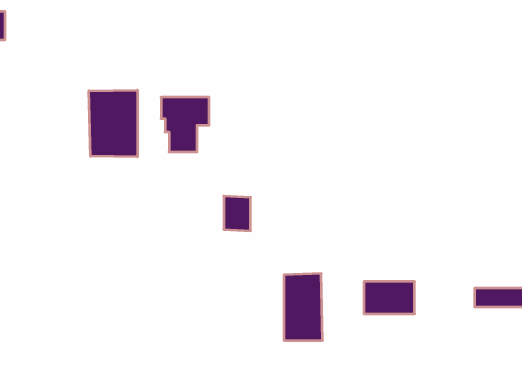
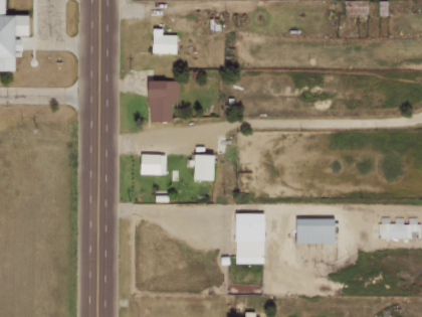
building: none -> [154,28,178,52]
building: [89,90,137,157] -> none
building: none -> [141,154,167,174]

